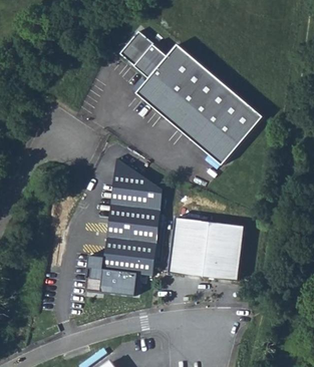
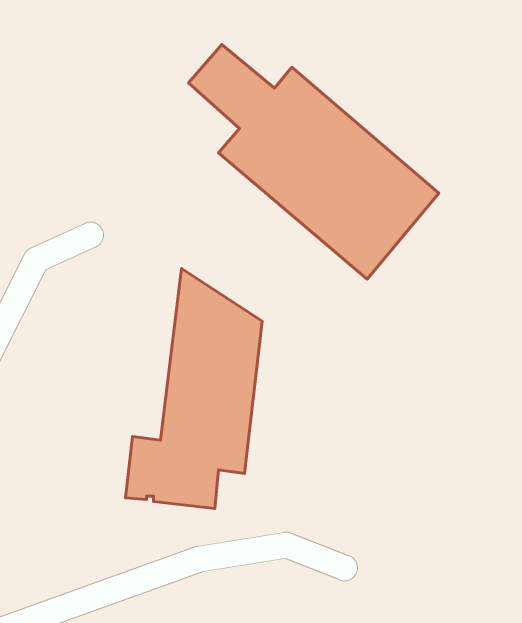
building: [168,218,244,281] -> none

